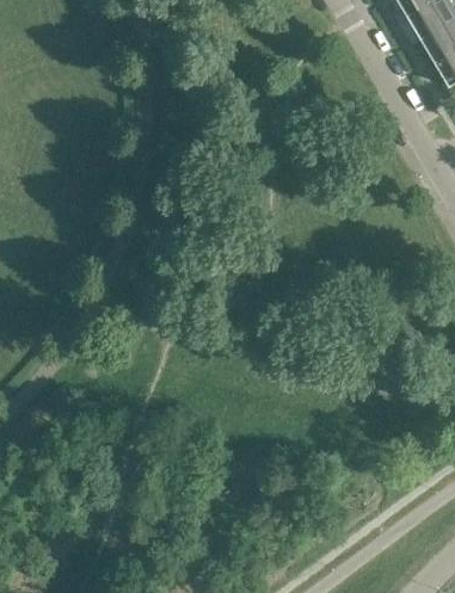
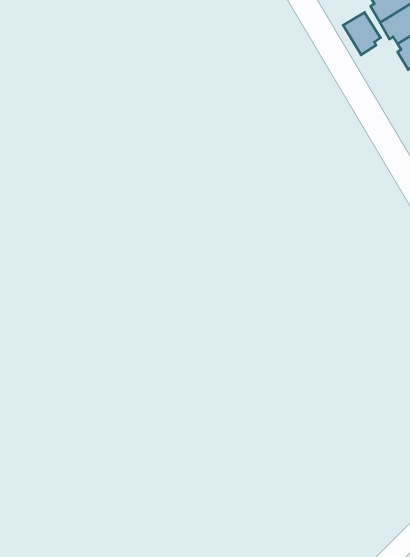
building: none -> [343,12,381,55]

